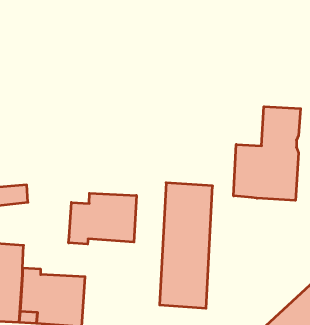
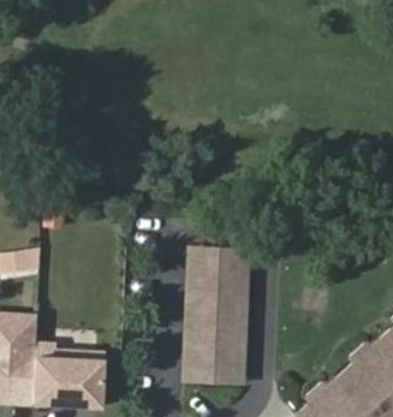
building: [234,107,301,200] -> none
building: [69,193,136,244] -> none

